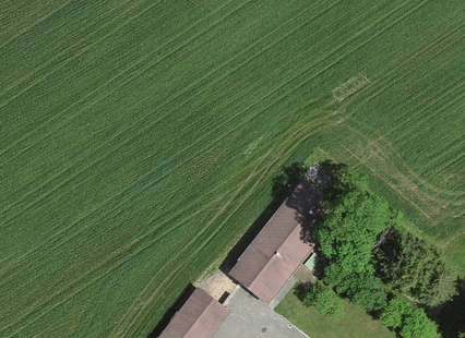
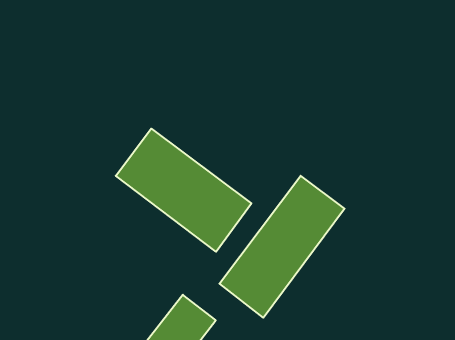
building: none -> [116,129,251,252]

